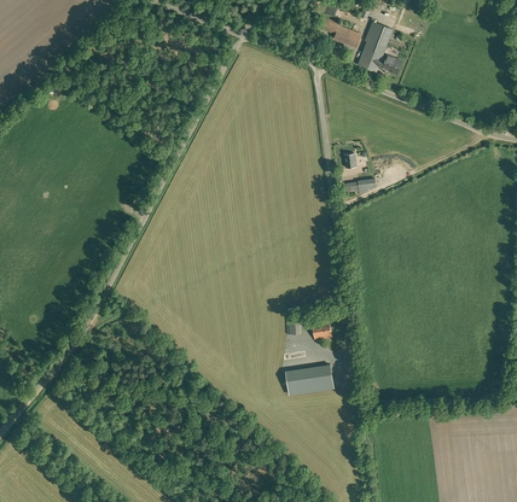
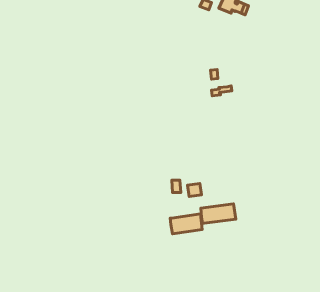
building: none -> [201,204,236,224]

